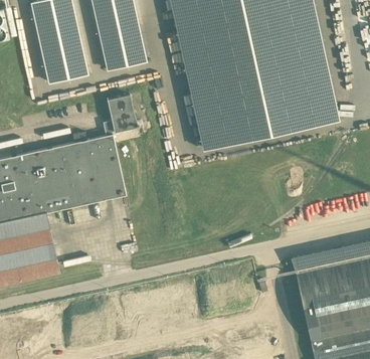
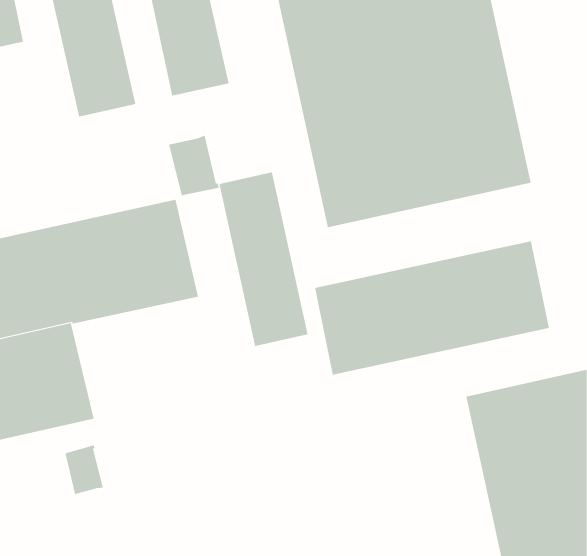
building: none -> [219,172,308,347]
building: none -> [314,240,549,376]
building: none -> [65,445,103,495]

